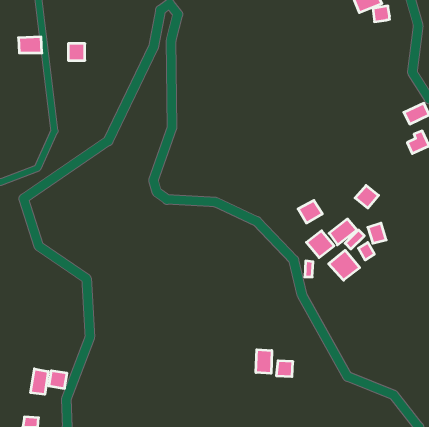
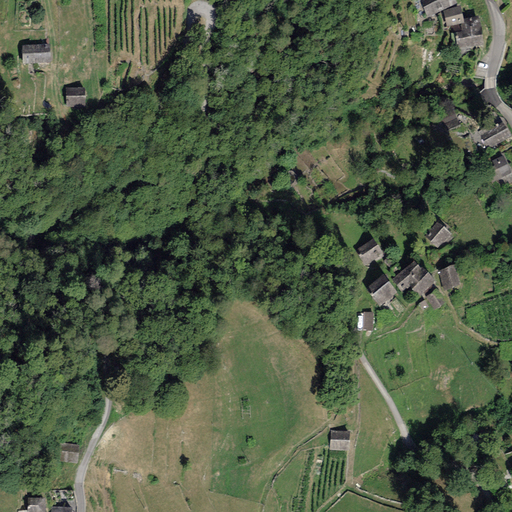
building: none -> [454,17,483,48]
building: [68,44,85,60] -> [66,87,86,107]
building: [329,250,360,280] -> none
building: [256,350,272,373] -> none
building: [31,369,48,394] -> none

